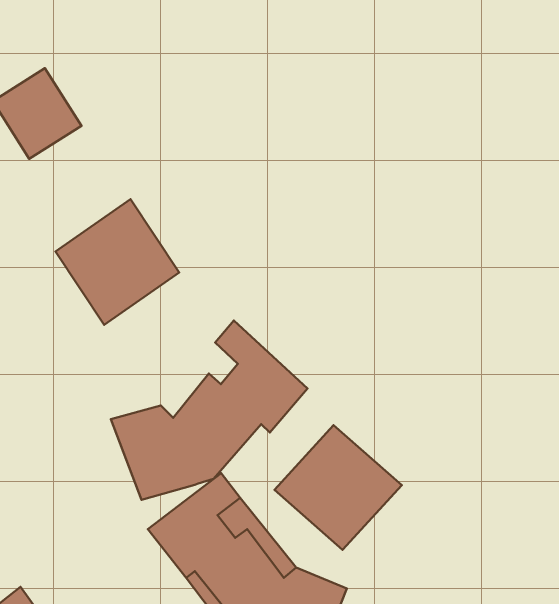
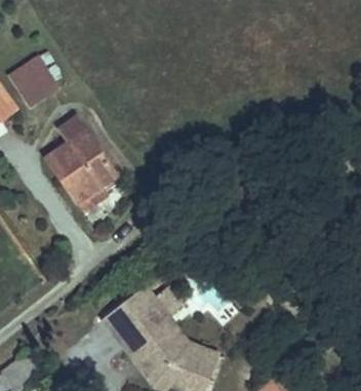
building: [111,321,307,500] -> none
building: [274,425,402,550] -> none

